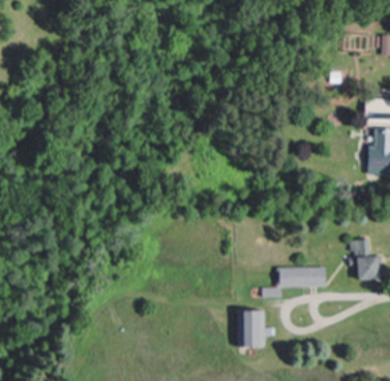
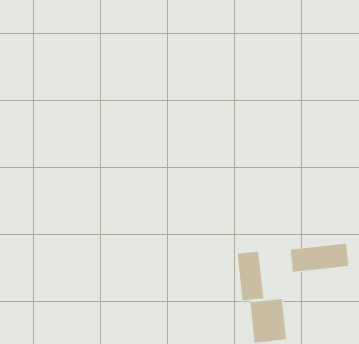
building: none -> [237,251,264,301]

